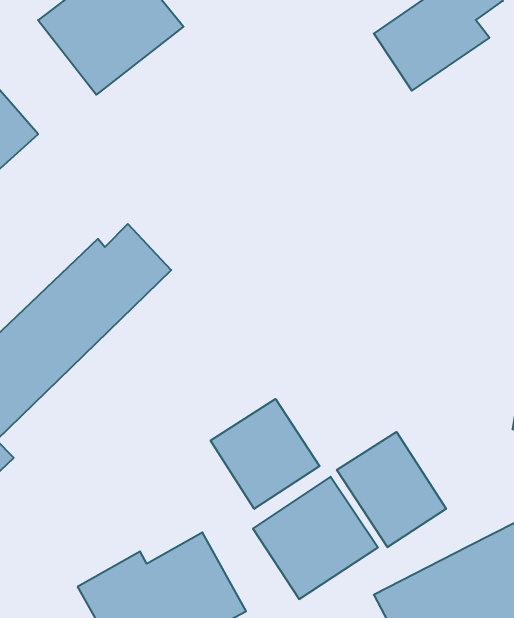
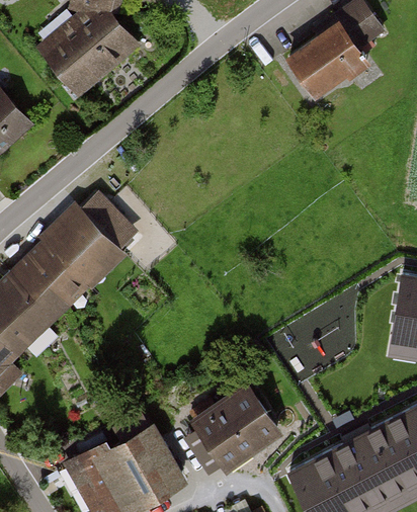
building: [211,399,320,509] -> none
building: [337,432,446,547] -> none

